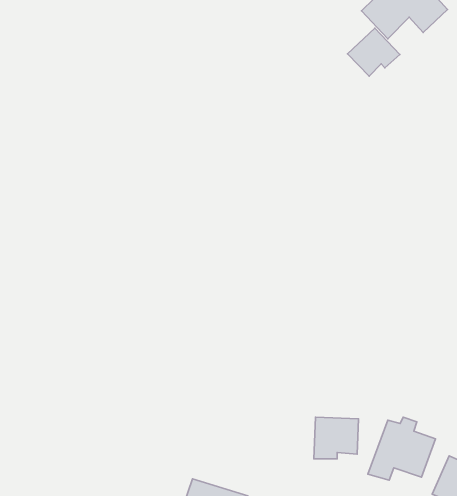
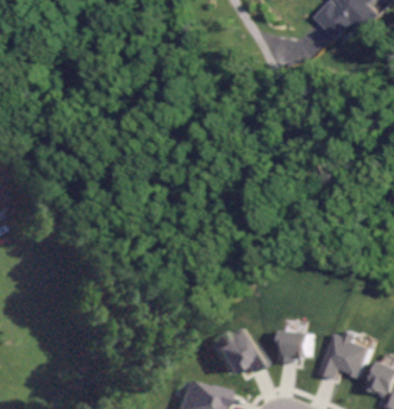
building: [347,28,400,76] -> none
building: none -> [205,328,258,376]

